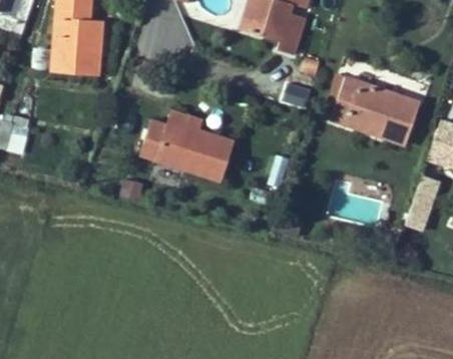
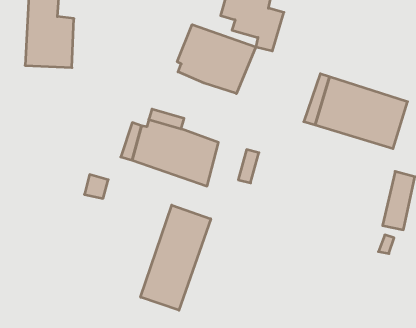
building: none -> [177,25,256,94]
building: none -> [141,205,211,310]

